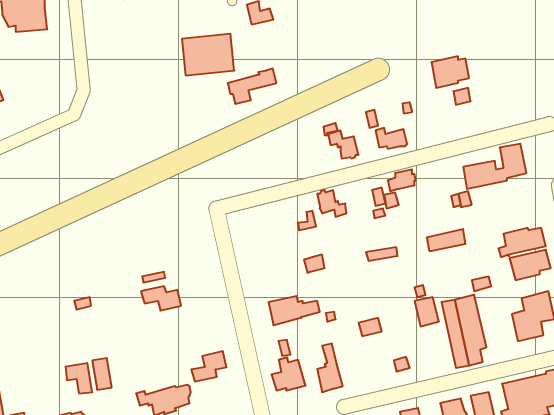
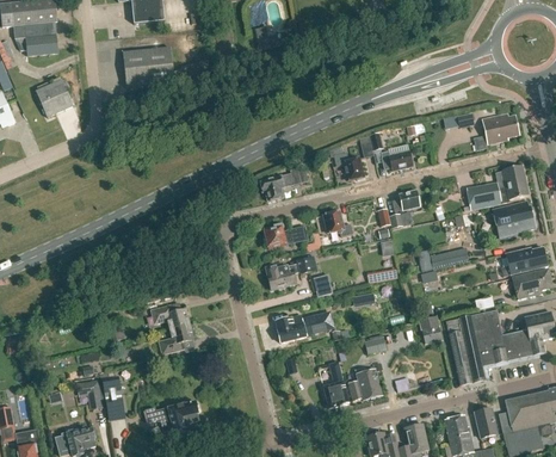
building: [182,34,234,75] -> [123,47,174,87]
building: none -> [36,79,73,117]
building: [431,56,469,88] -> [482,112,519,143]
building: [228,68,276,104] -> [260,166,308,200]
building: none -> [495,200,537,236]
building: none -> [264,224,308,247]
building: none -> [266,257,315,289]
building: none -> [477,309,520,364]
building: [191,351,227,382] -> [159,323,193,353]
building: [271,357,306,390] -> [348,366,382,399]

